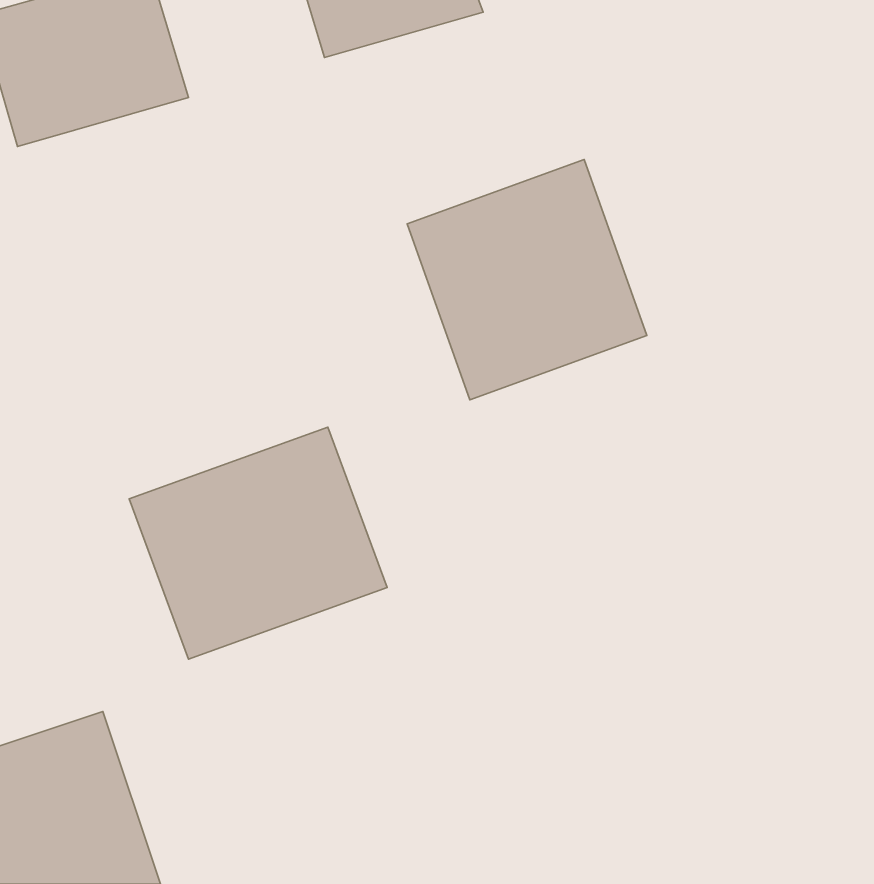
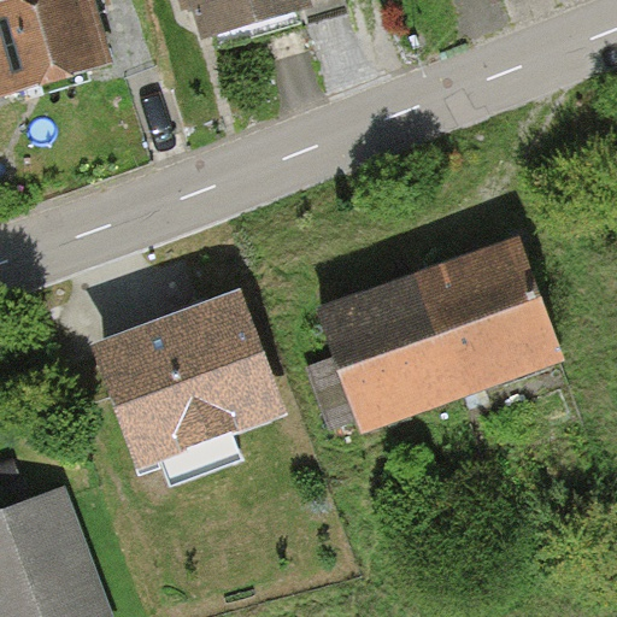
building: [407,159,647,400] -> none
building: none -> [319,243,543,418]

